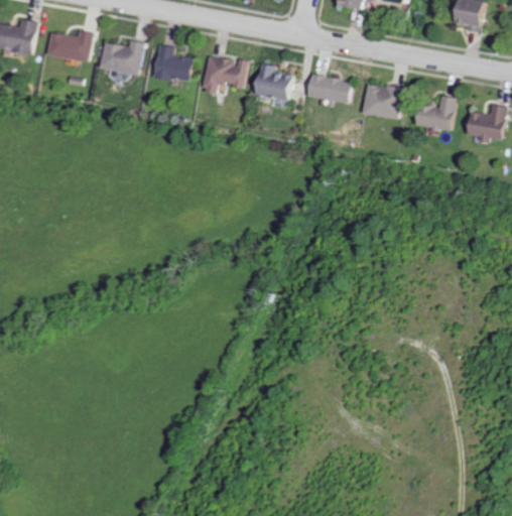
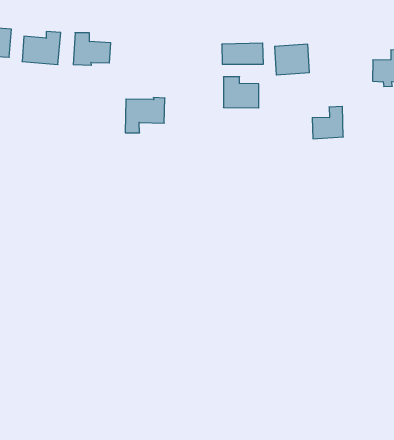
building: [204,56,250,94] -> [125,98,165,133]
building: [256,62,296,100] -> [223,77,259,108]
building: [417,96,453,129] -> [312,106,343,139]

